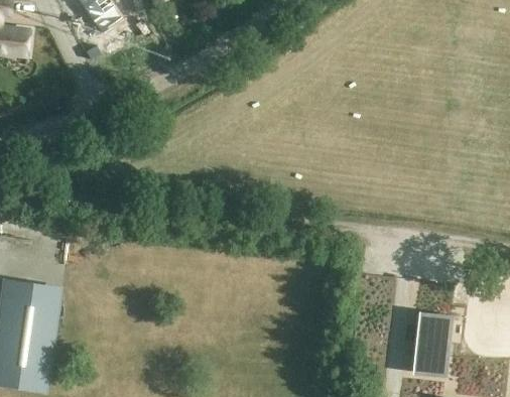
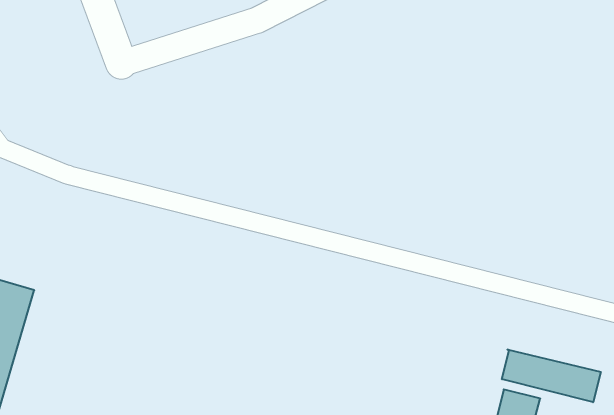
building: none -> [502,350,601,402]

